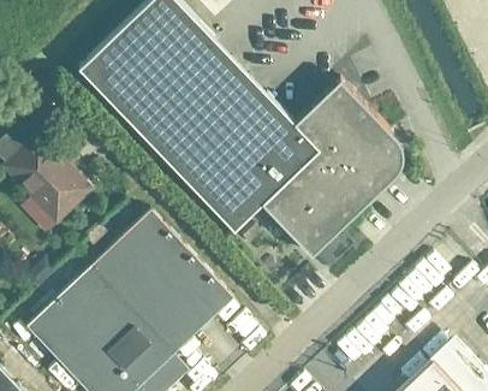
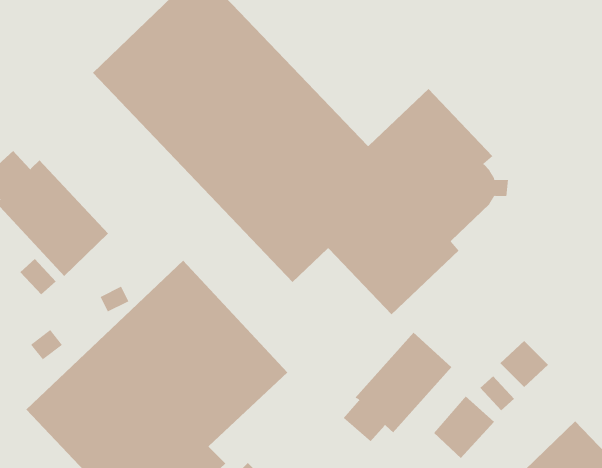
building: none -> [343,332,452,442]

